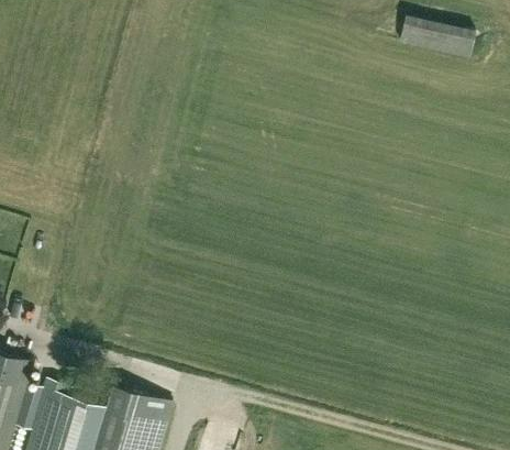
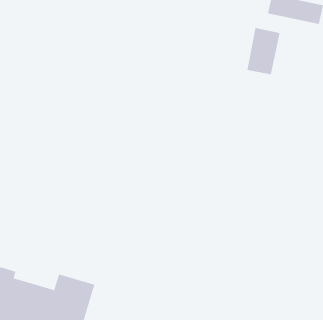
building: none -> [247,27,280,75]

